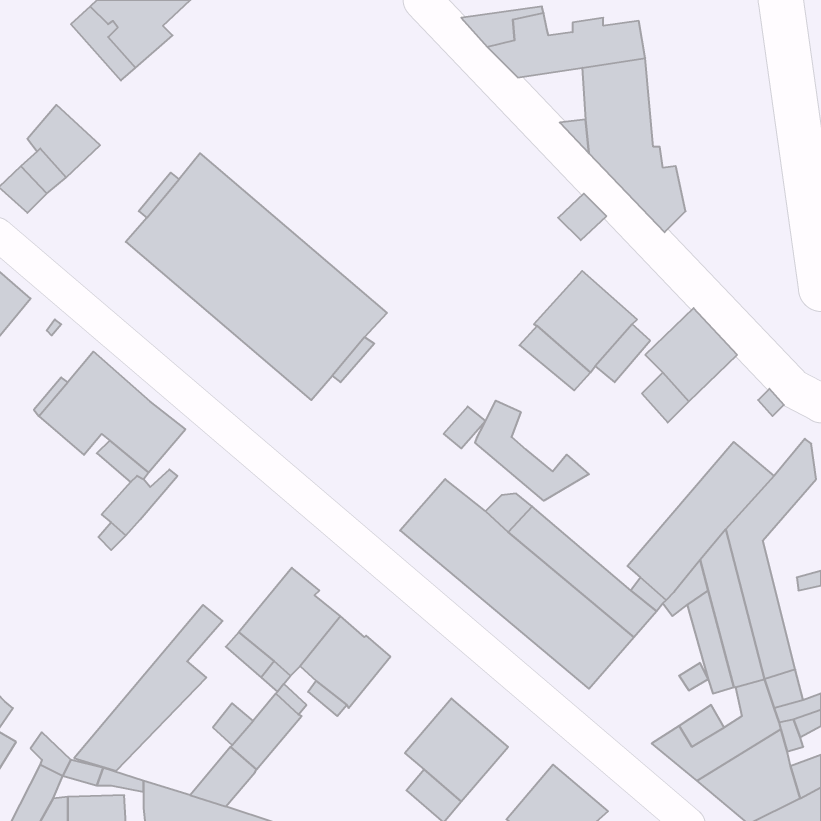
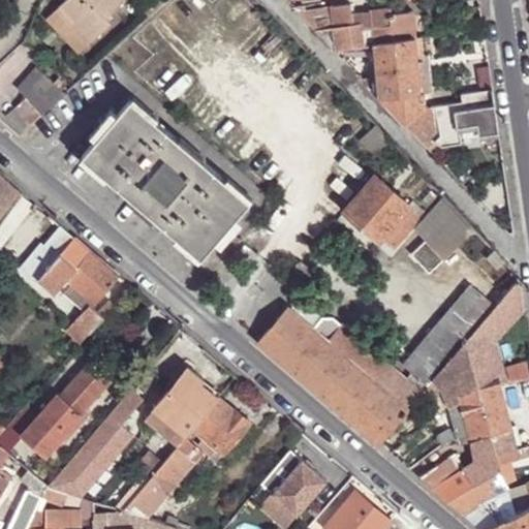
building: none -> [433,91,497,150]
building: [475,401,589,501] -> none
building: none -> [22,363,115,458]

